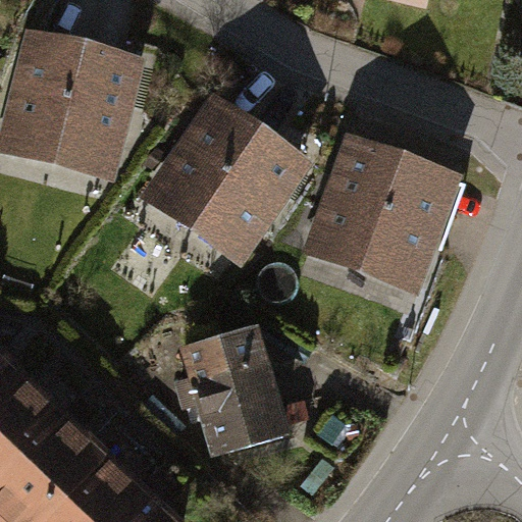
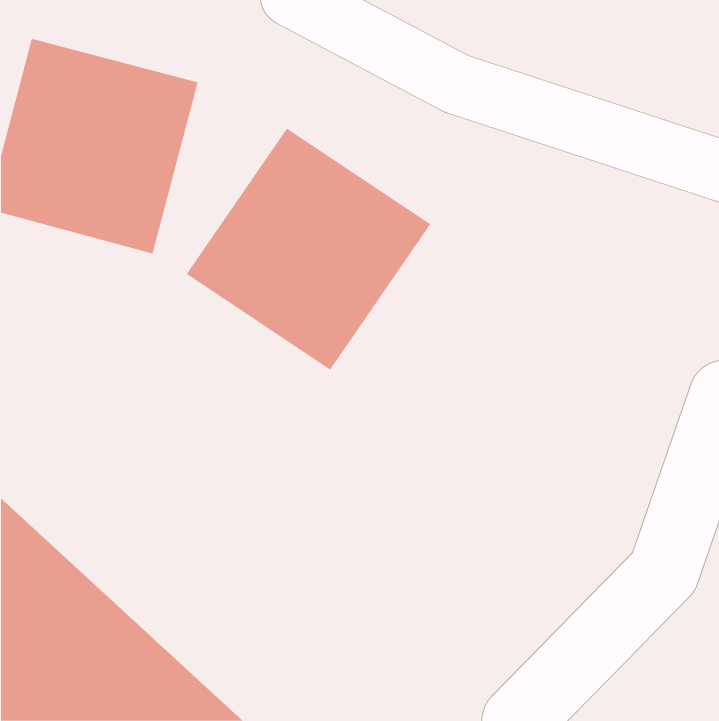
building: [300,133,461,295] -> none
building: [177,324,293,458] -> none

